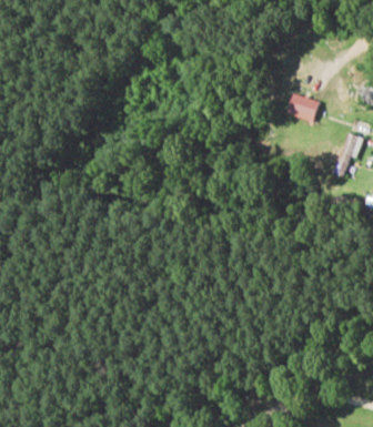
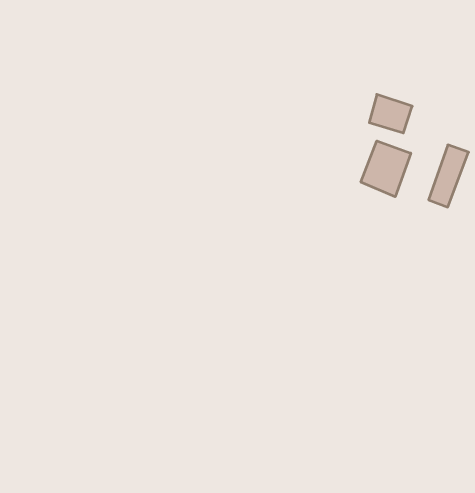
building: none -> [361,141,411,197]

